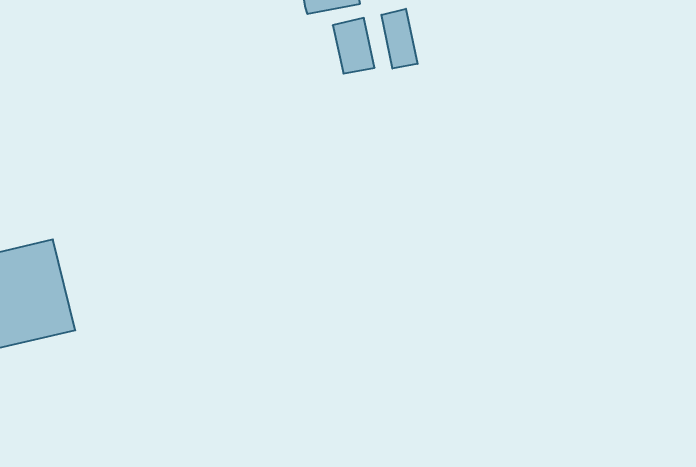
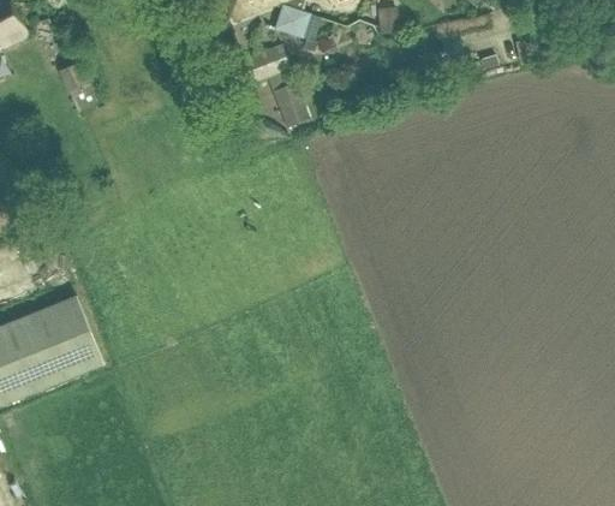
building: [381,9,418,69] -> none

